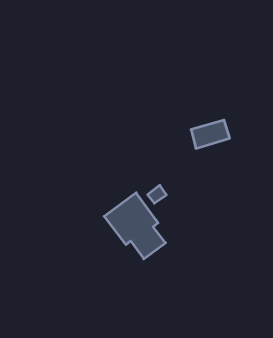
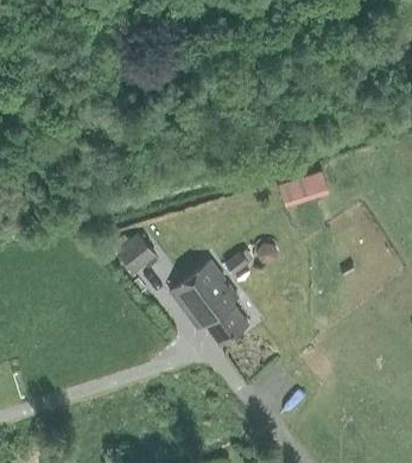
building: none -> [115,233,157,274]

